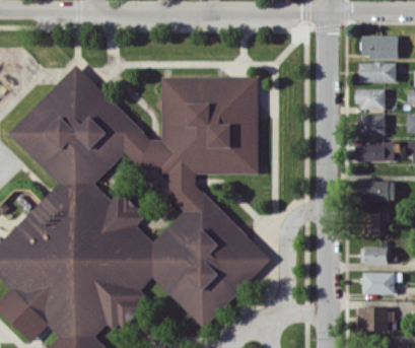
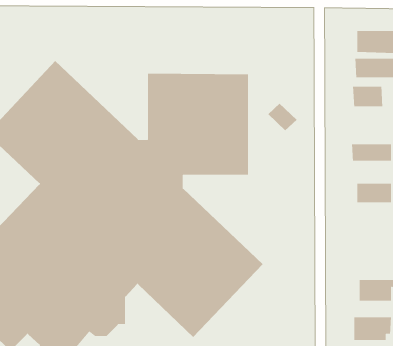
building: none -> [267,103,297,131]
building: [360,115,385,136] -> none
building: [365,213,390,233] -> none
building: [360,248,388,265] -> none

